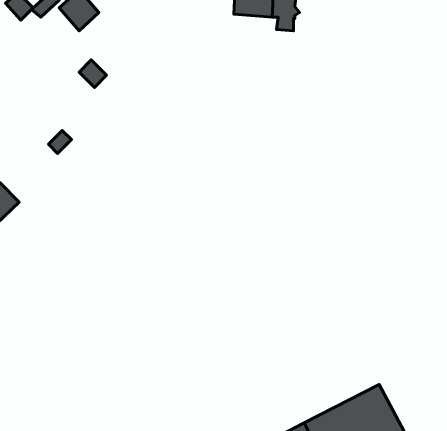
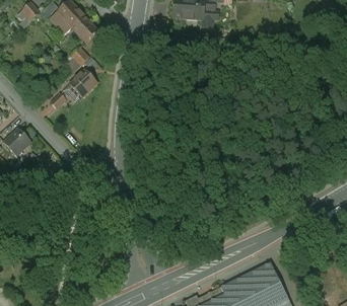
building: none -> [71,16,98,44]
building: none -> [69,70,97,97]

